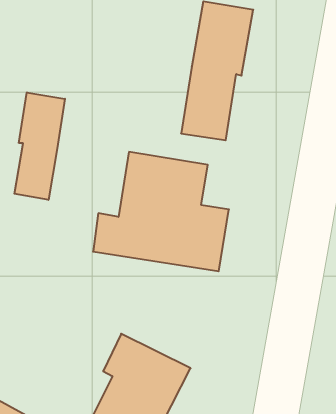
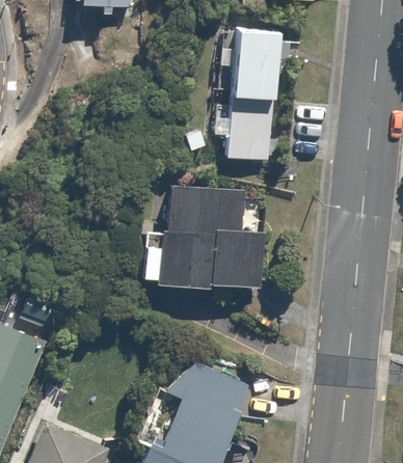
building: [14,92,65,200] -> none

